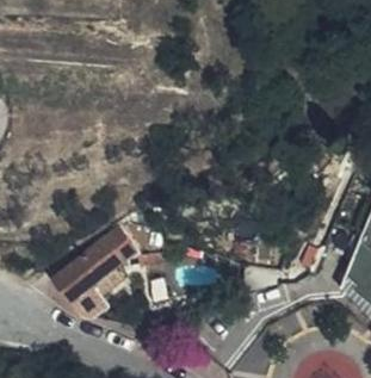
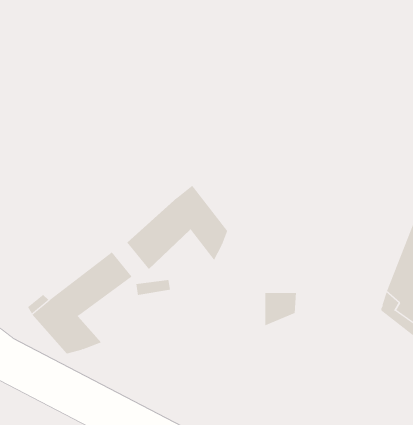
building: none -> [126,185,228,270]

